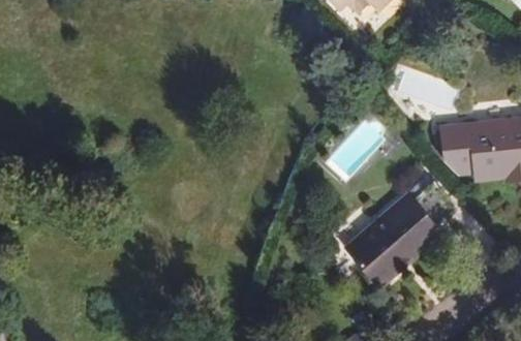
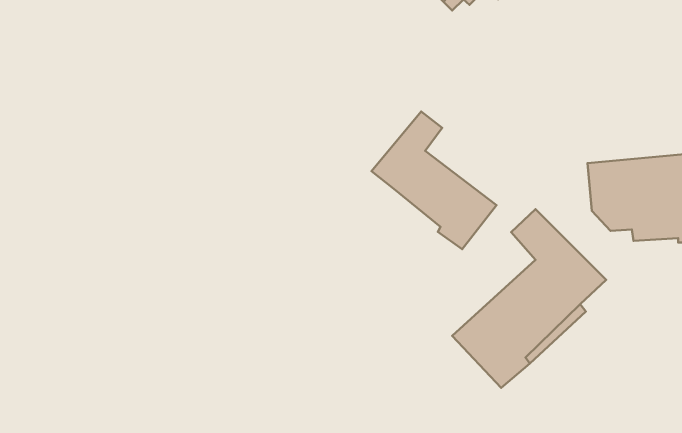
building: none -> [371,111,496,249]

